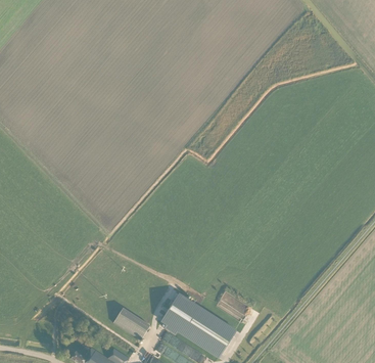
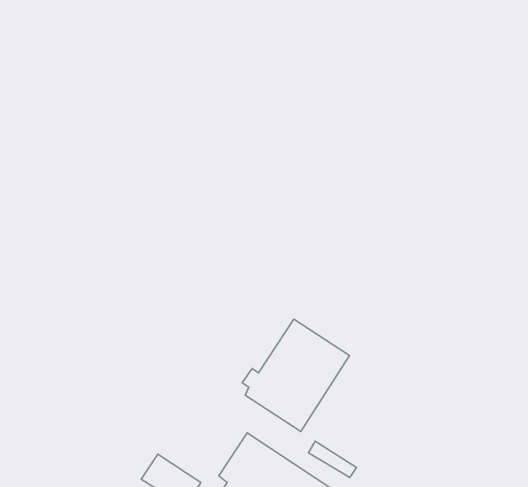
building: none -> [242,319,350,431]

